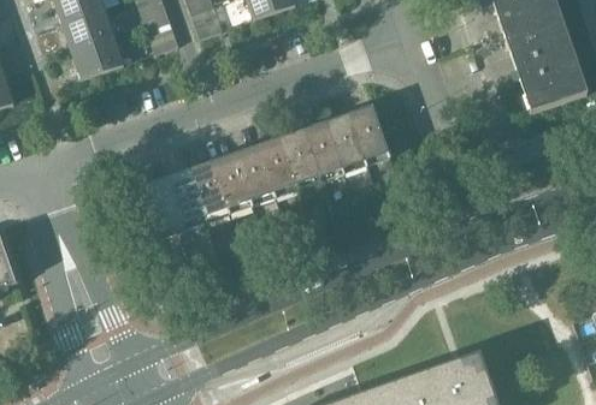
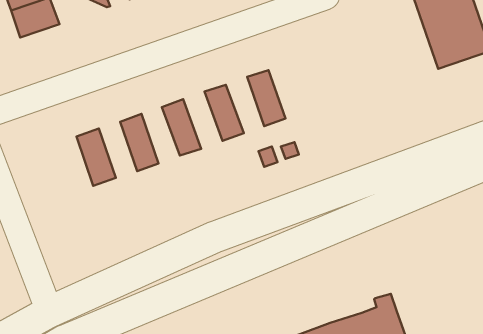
building: [348,102,390,162] -> none
building: [302,118,343,178] -> none
building: [256,133,299,195] -> none
building: [212,150,253,210] -> none
building: [166,166,207,226] -> none

